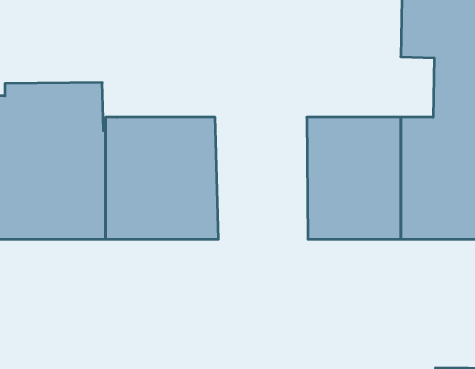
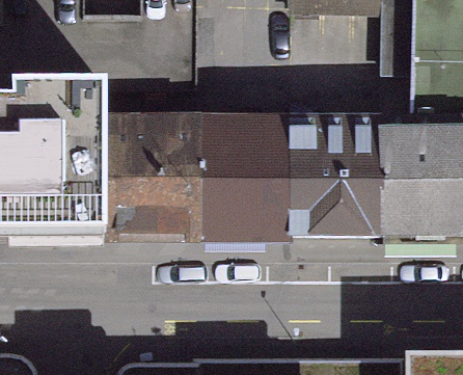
building: none -> [220,125,306,238]

